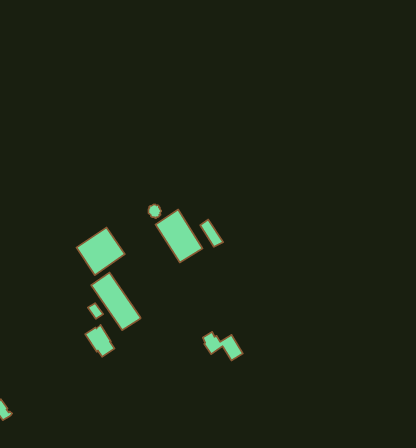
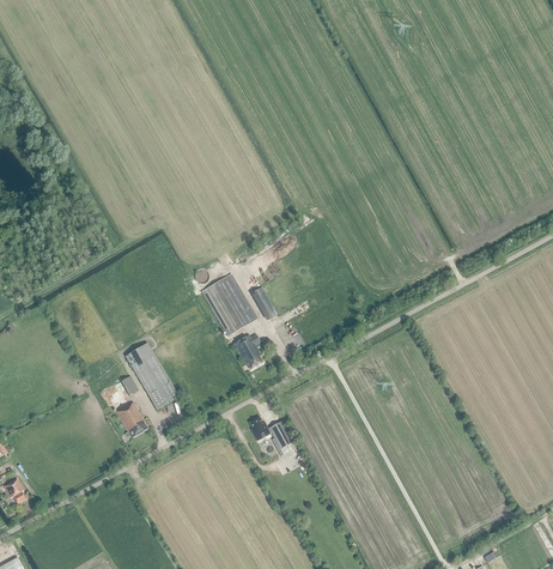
building: [77,228,125,275] -> none
building: none -> [233,333,263,368]

